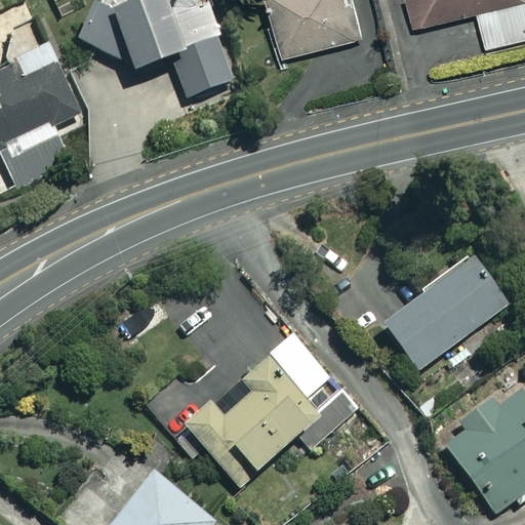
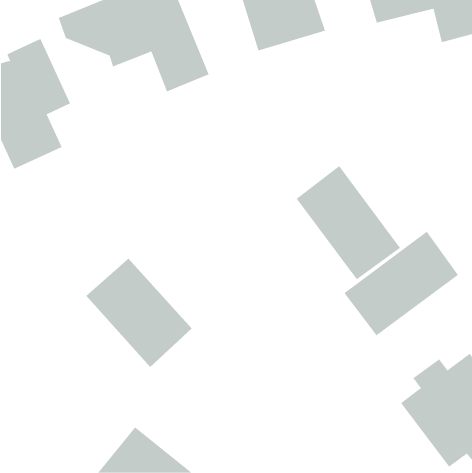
building: none -> [296,165,401,280]
building: none -> [85,258,192,368]
building: [184,334,359,486] -> none

